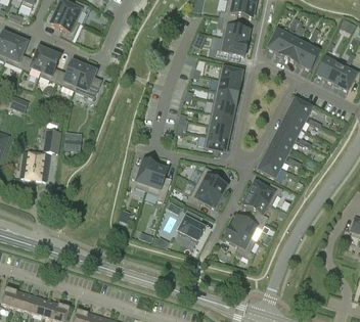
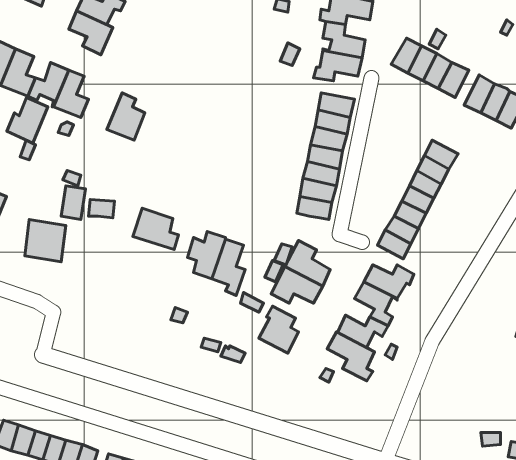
building: [58,60,86,91] -> [7,98,48,143]
building: none -> [133,208,178,249]

